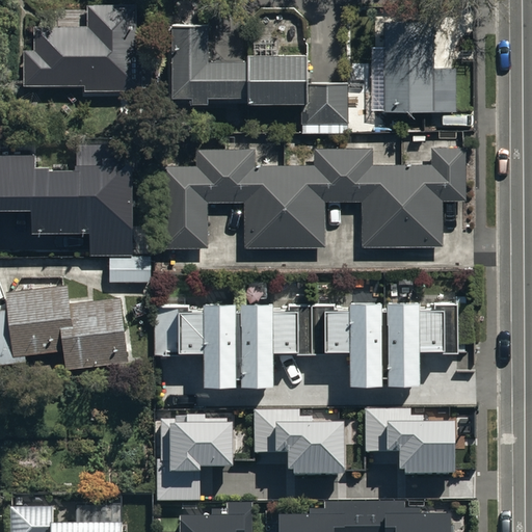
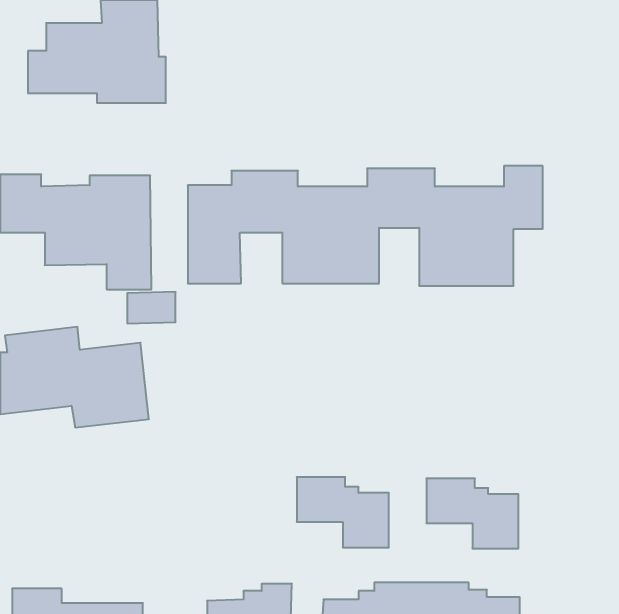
building: [170,17,347,134] -> none
building: [370,21,456,109] -> none
building: [155,302,458,387] -> none
building: [158,425,222,499] -> none

